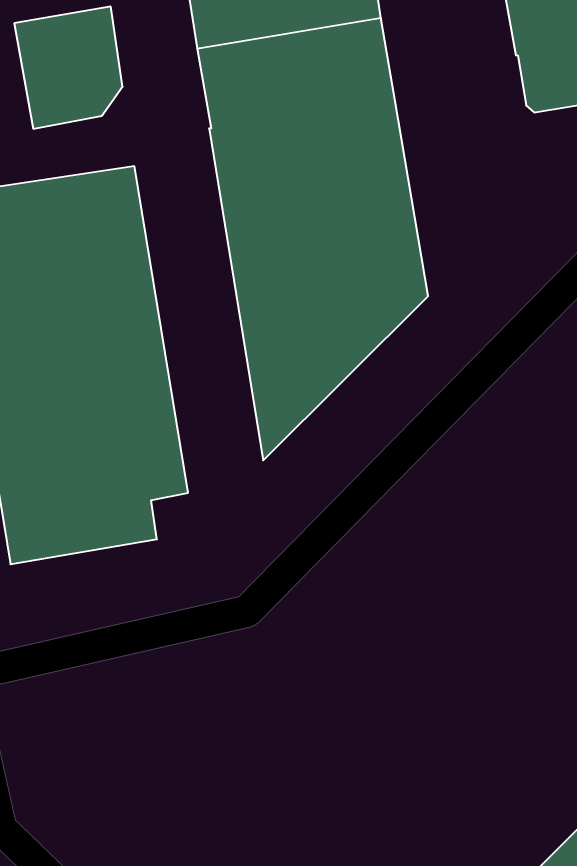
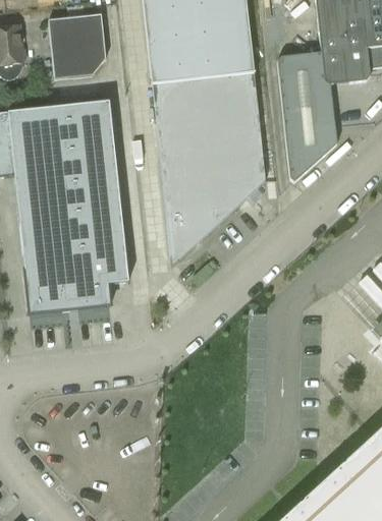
building: none -> [276,52,336,181]

